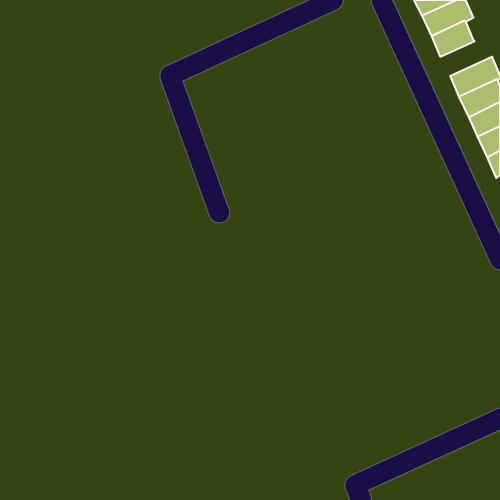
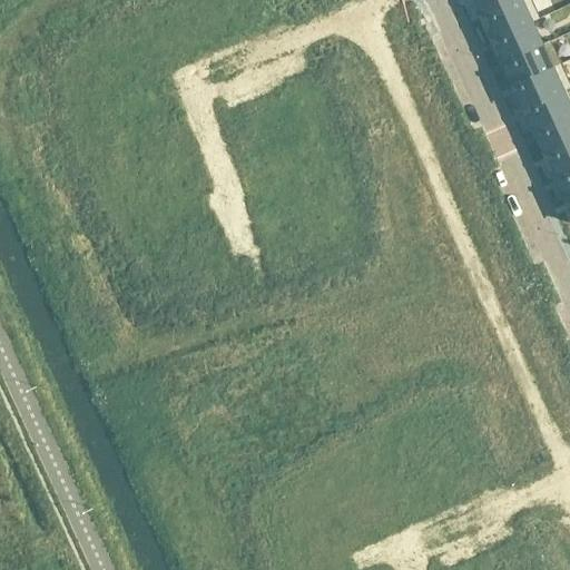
building: none -> [501,41,560,87]

